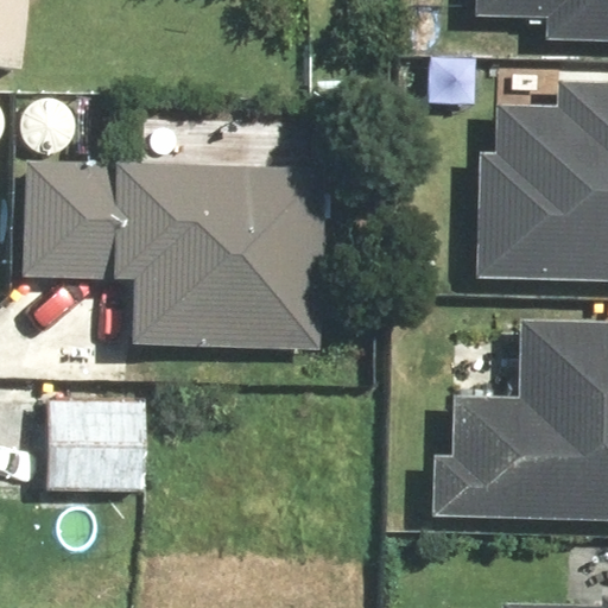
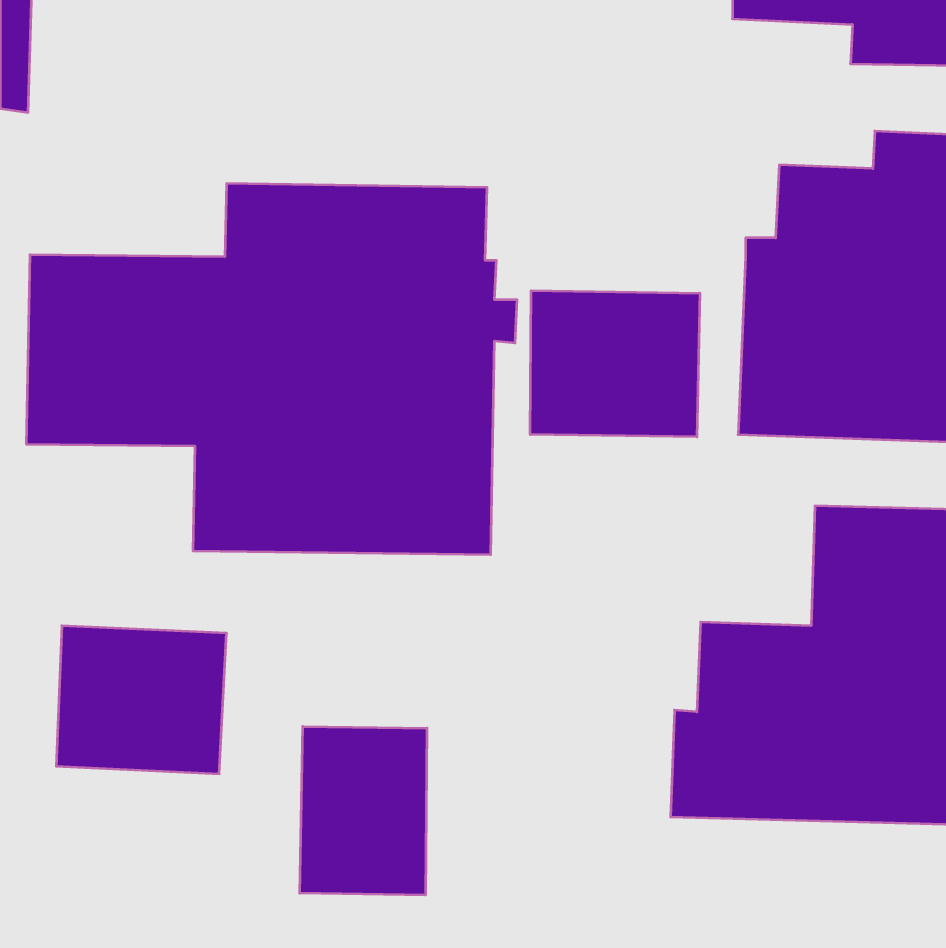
building: none -> [530,291,700,437]
building: none -> [300,726,427,895]

